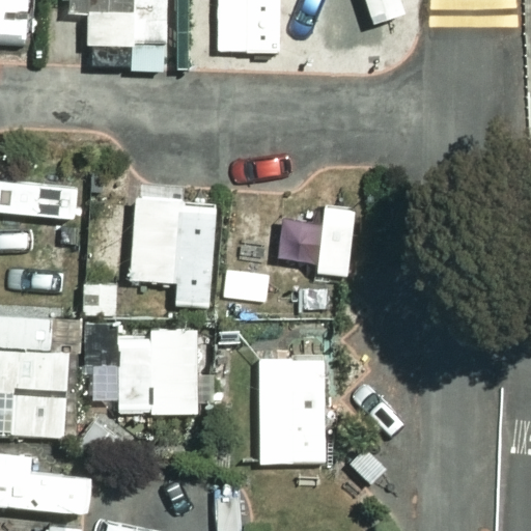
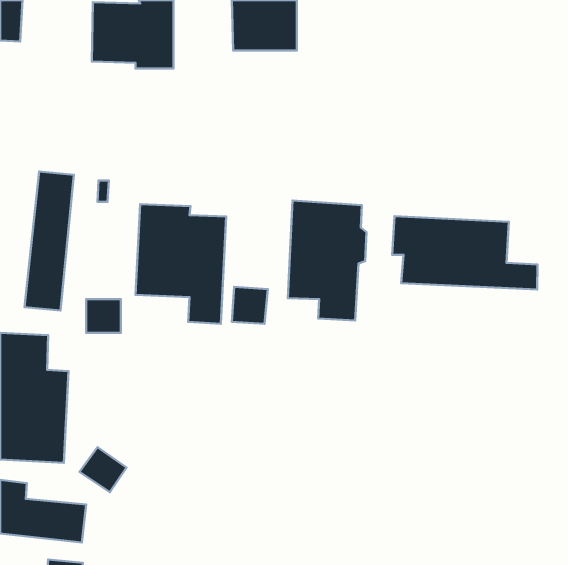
building: none -> [392,216,537,289]
building: [81,322,215,413] -> none
building: [261,360,324,460] -> none

